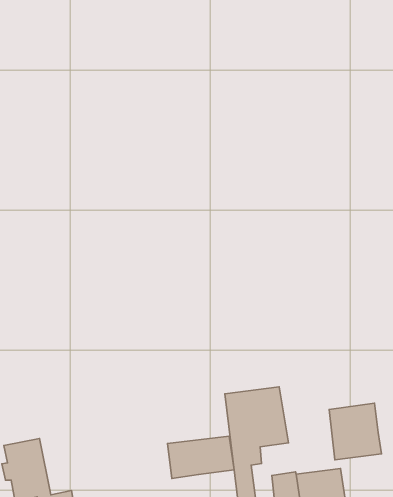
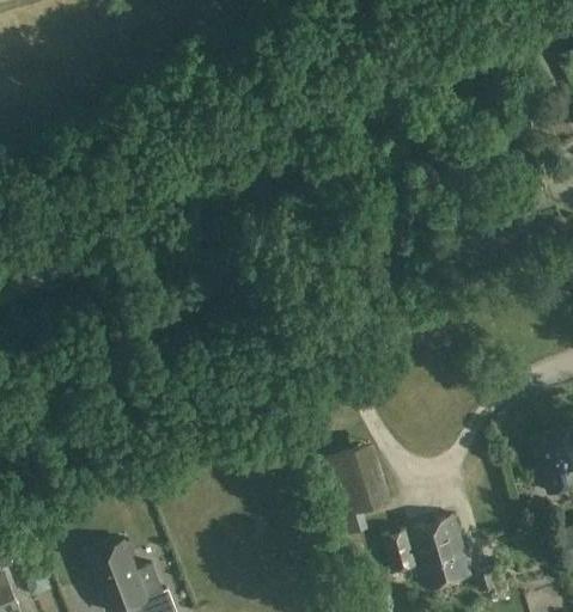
building: [329,403,382,460] -> none
building: [167,436,234,478] -> none

